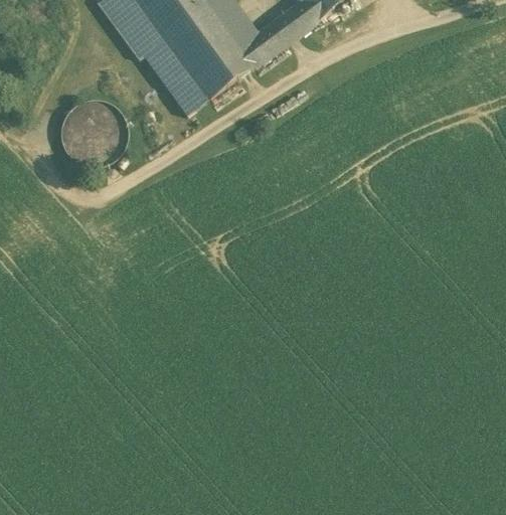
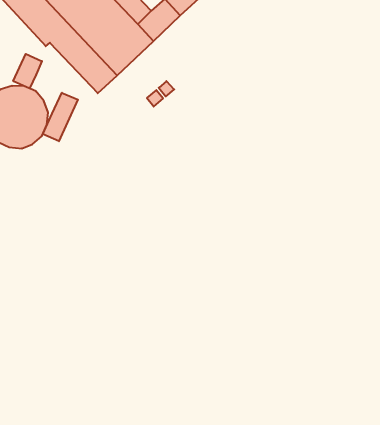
building: none -> [13,54,42,88]
building: none -> [43,93,78,141]

